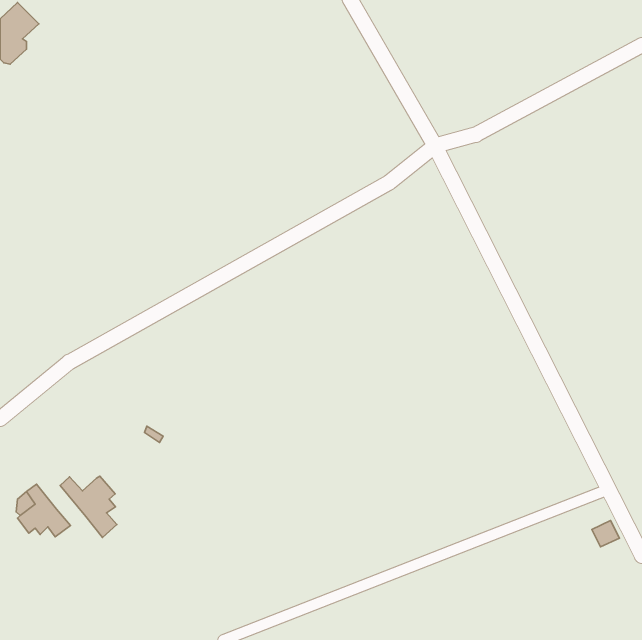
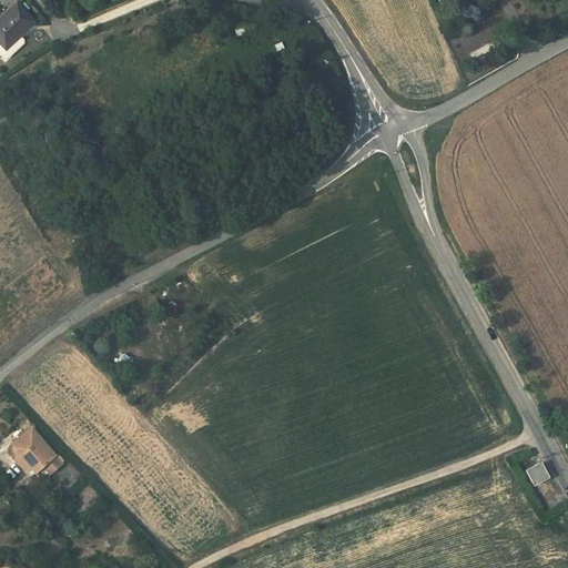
building: [60,476,117,537] -> none

